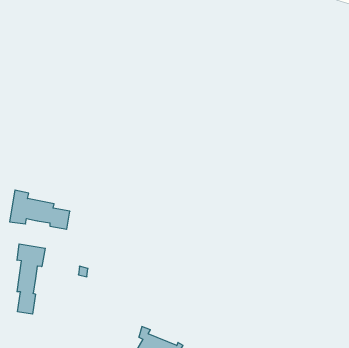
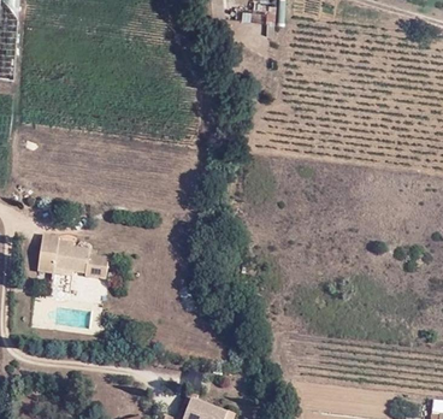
building: [17,244,45,314] -> none

